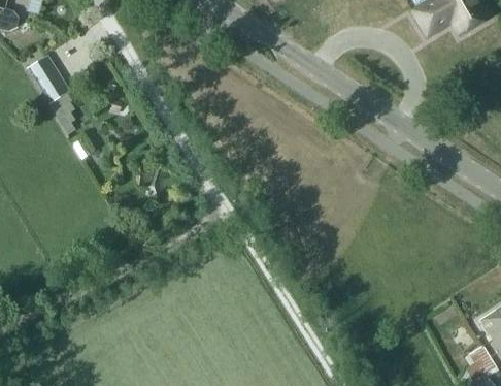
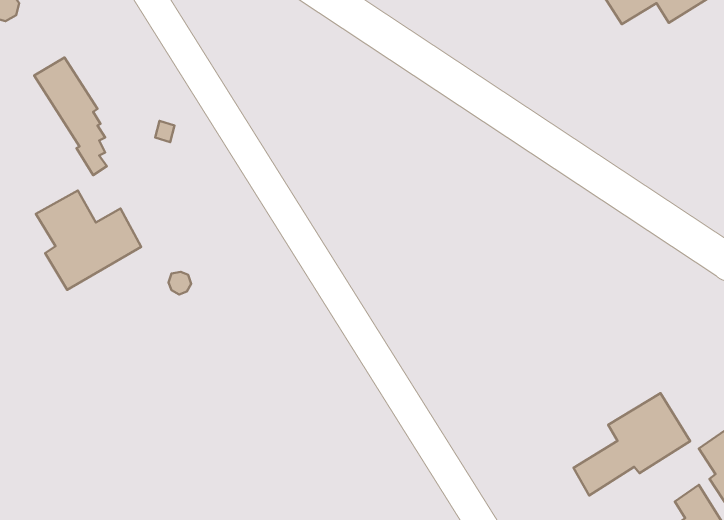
building: none -> [36,190,141,290]
building: none -> [574,393,690,495]

